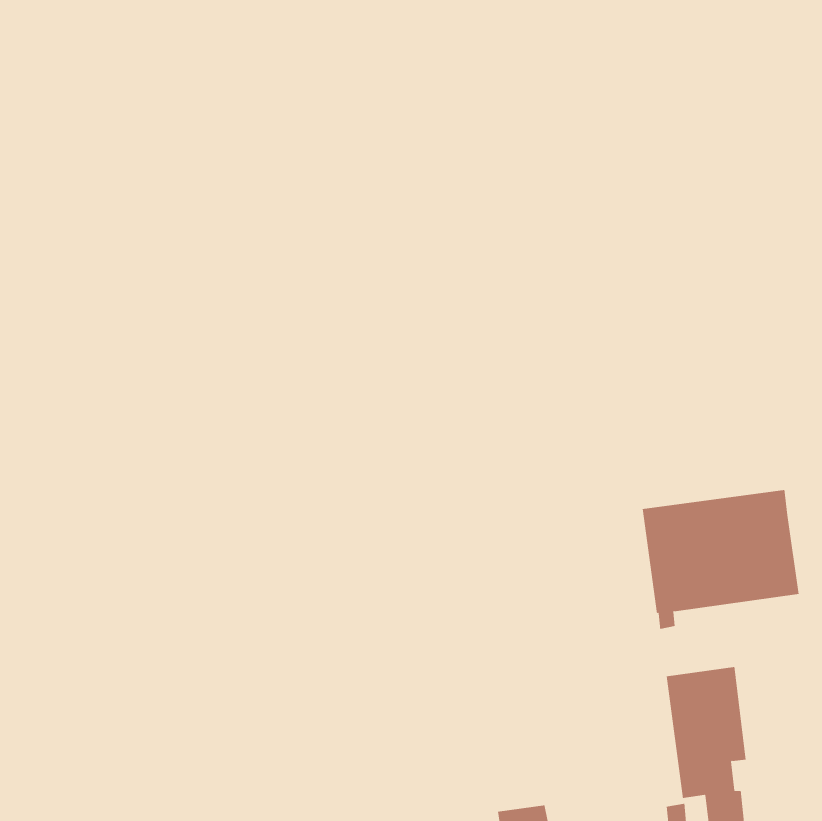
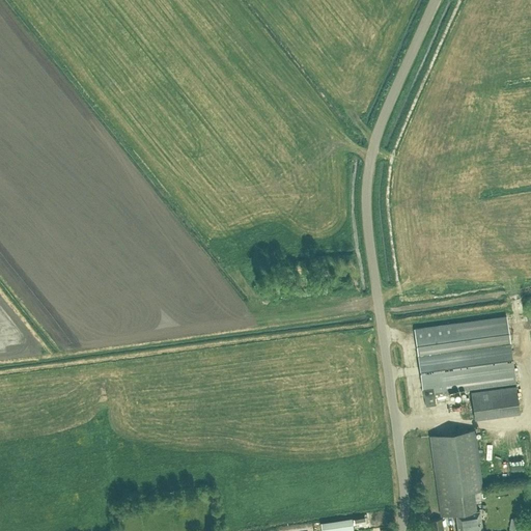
building: none -> [471,386,520,419]

